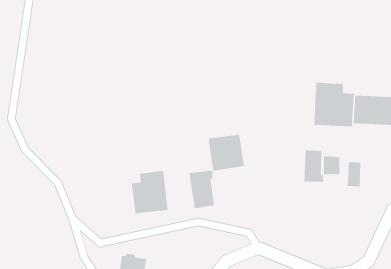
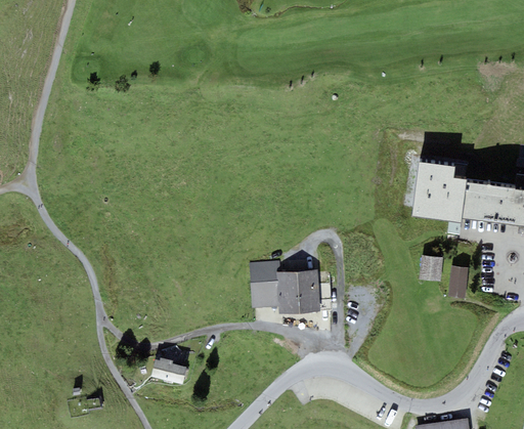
building: [208,134,245,171] -> [276,270,320,314]
building: [304,150,323,182] -> none
building: [131,170,168,214] -> none

